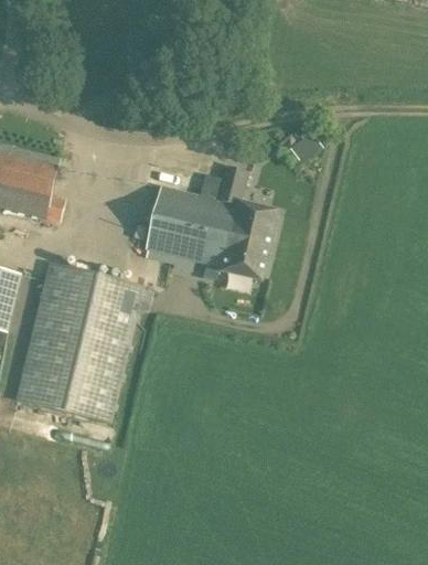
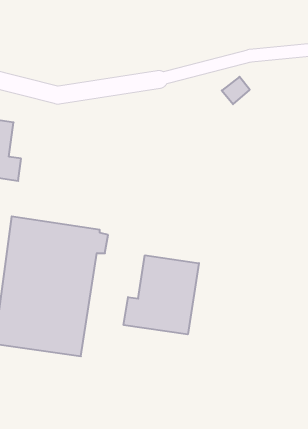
building: [145,168,278,282] -> none
building: none -> [124,255,199,334]

